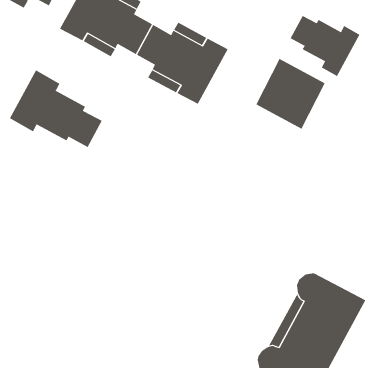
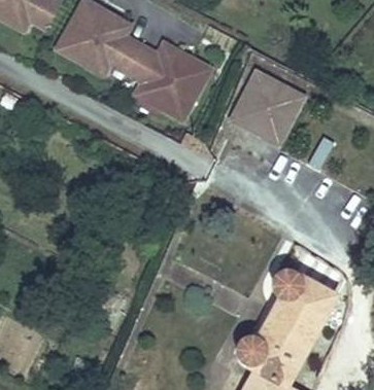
building: [290,15,360,77] -> none
building: [9,69,103,148] -> none

